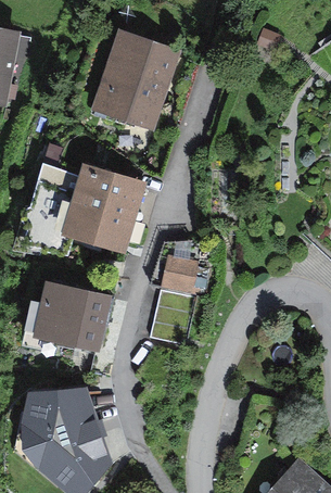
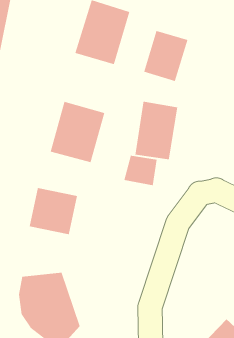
building: none -> [143,30,188,82]
building: none -> [135,101,178,160]

